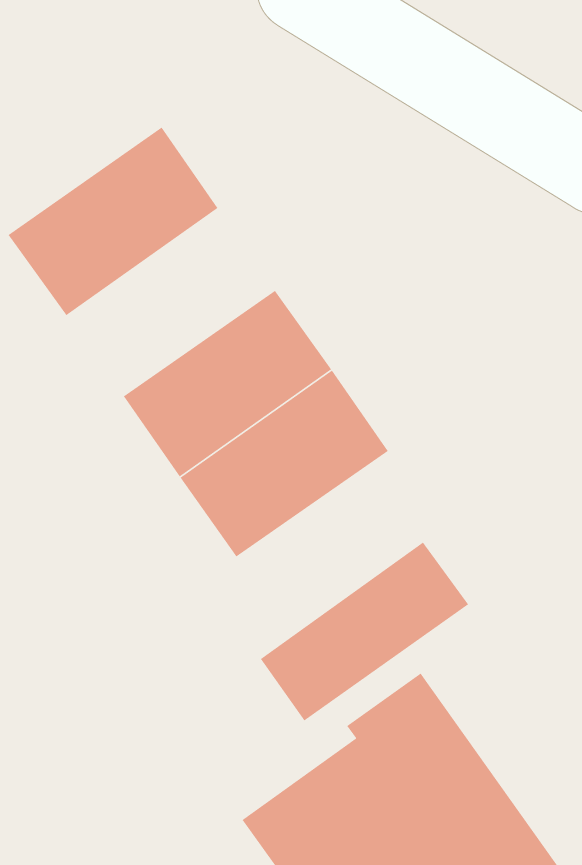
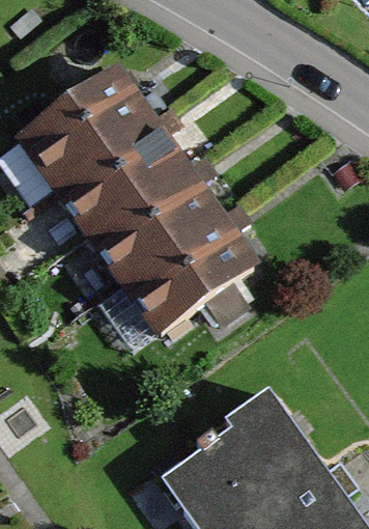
building: none -> [62,122,184,232]
building: [260,542,469,721] -> none

